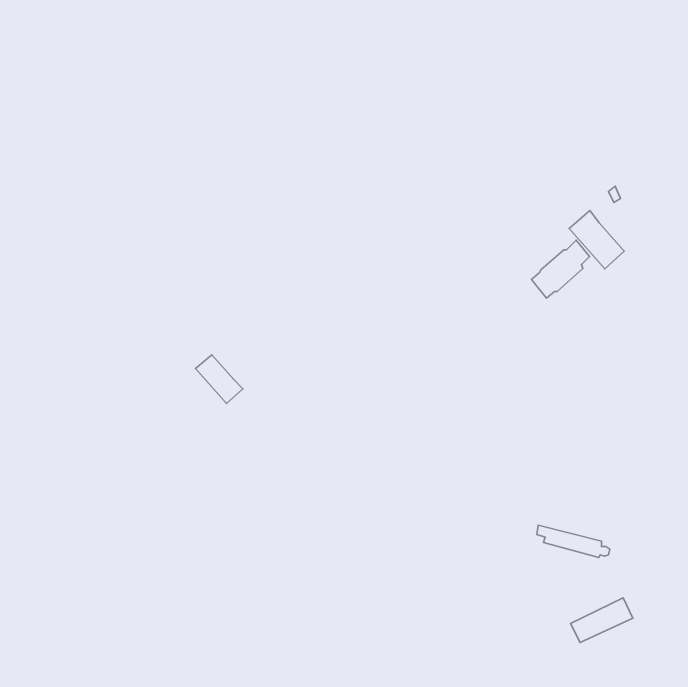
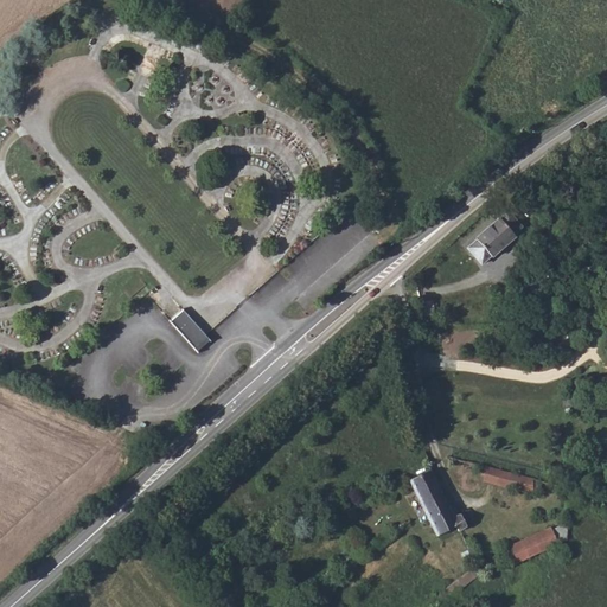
building: [569,211,624,269] -> none
building: none -> [411,469,467,536]

